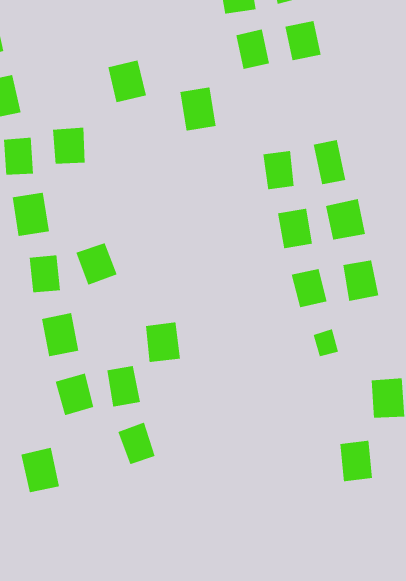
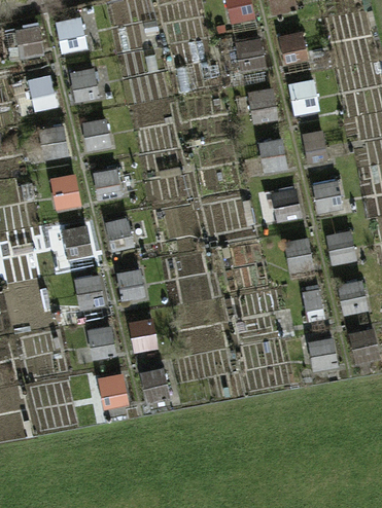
building: none -> [56,19,88,55]
building: [107,60,147,103] -> [69,67,102,103]
building: none -> [290,79,318,115]
building: [180,87,216,131] -> [248,86,279,123]
building: none -> [93,168,124,201]
building: none -> [337,278,371,316]
building: [145,322,181,363] -> [117,268,147,302]
building: [340,440,373,482] -> [310,338,338,373]
building: [21,447,60,493] -> [97,372,130,410]

